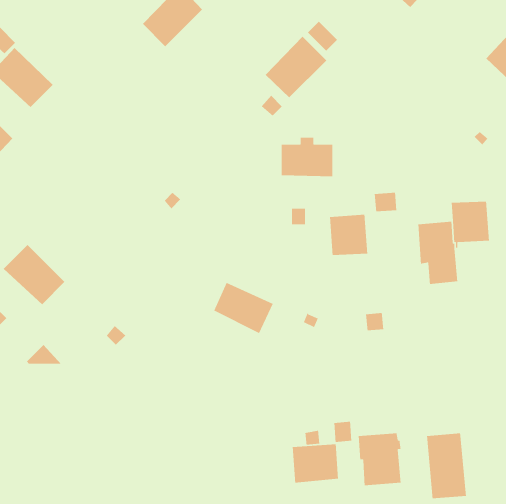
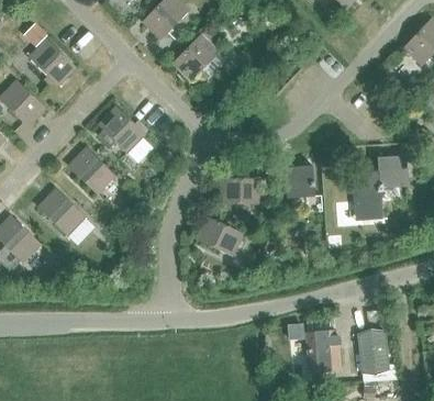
building: [265,36,327,98] -> [173,33,220,80]
building: none -> [98,105,145,153]
building: [281,137,333,177] -> [221,172,260,203]
building: none -> [68,147,115,193]
building: [292,444,339,483] -> none

